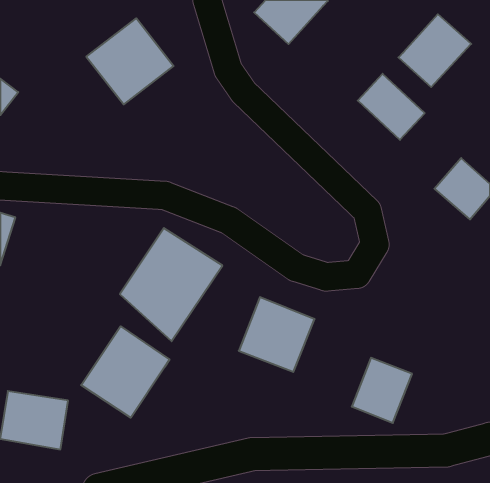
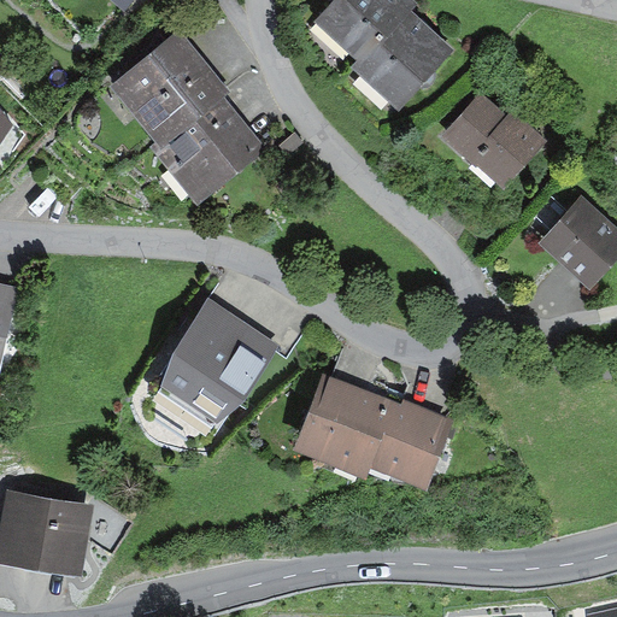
building: [398,14,471,87] -> [357,16,448,107]
building: none -> [155,92,257,189]
building: [81,326,169,418] -> none
building: [352,358,412,423] -> [372,406,448,488]

